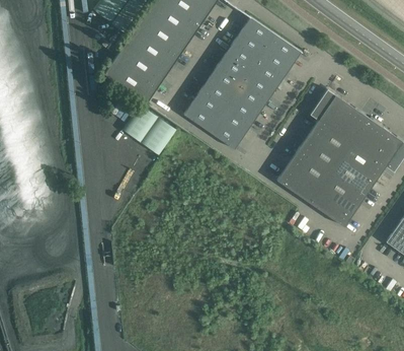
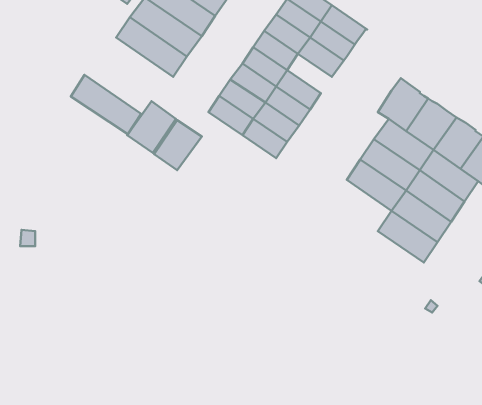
building: [104,58,157,102] -> [71,75,141,134]
building: [242,70,275,99] -> none
building: [276,164,320,203] -> none

